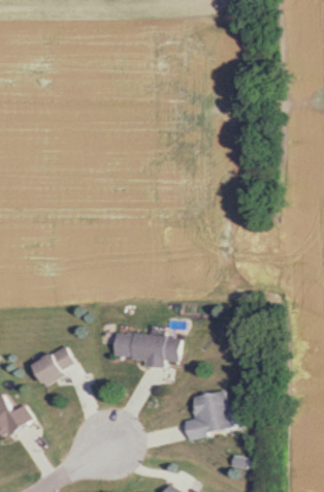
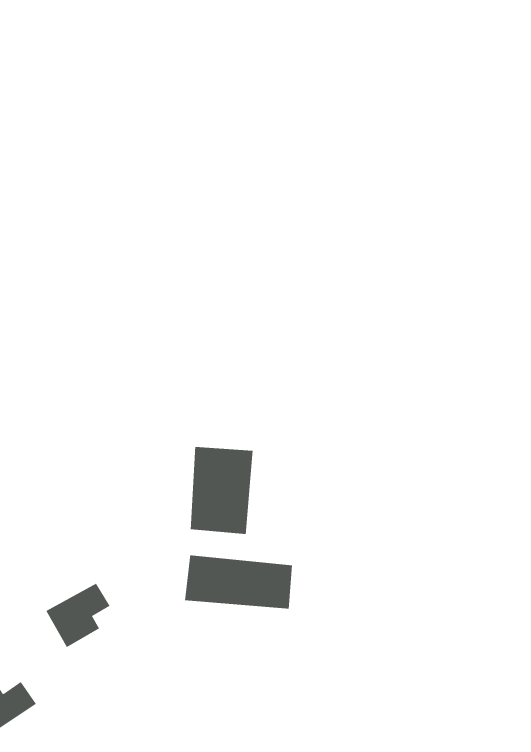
building: none -> [190,446,253,535]
building: [186,392,230,436] -> none

